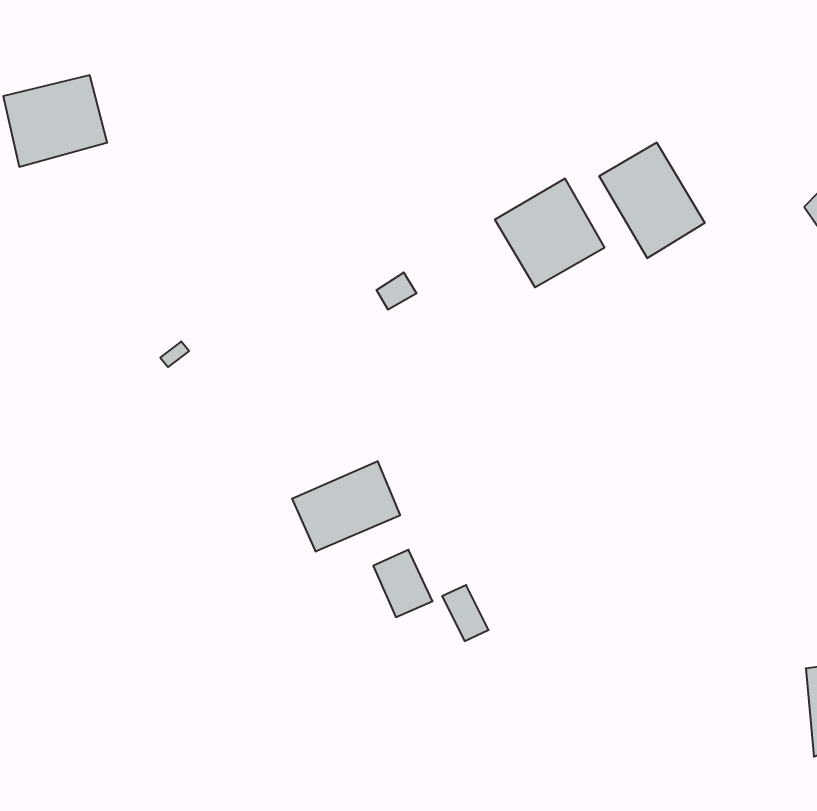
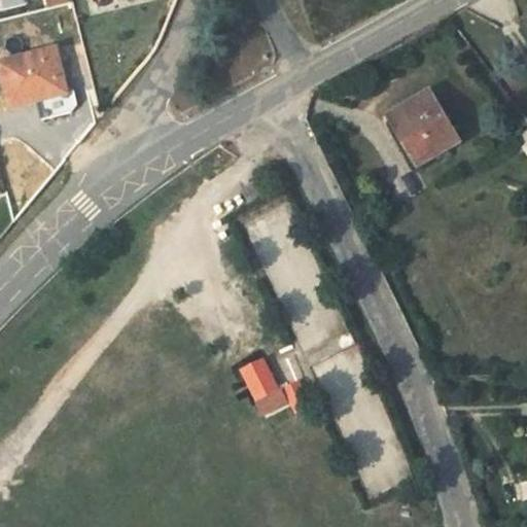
building: [495,178,604,287] -> none
building: [292,461,400,552] -> none

